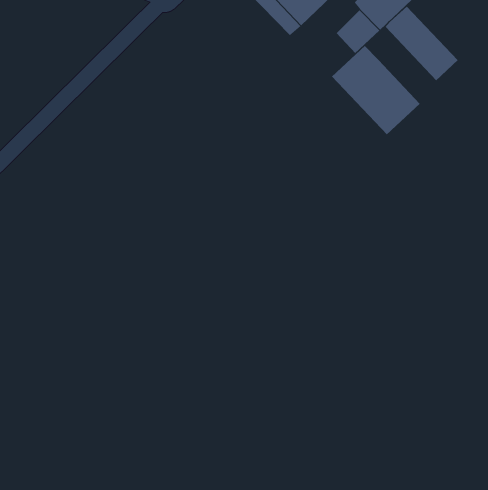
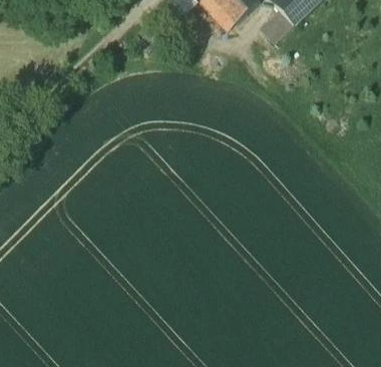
building: [385,6,458,81] -> none
building: [331,45,421,135] -> none

